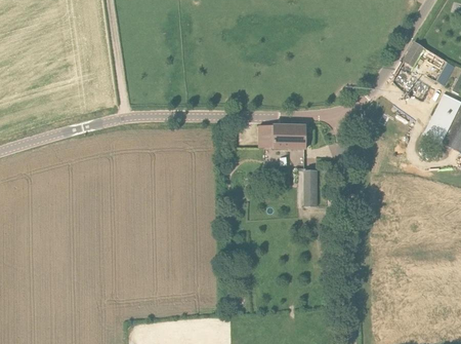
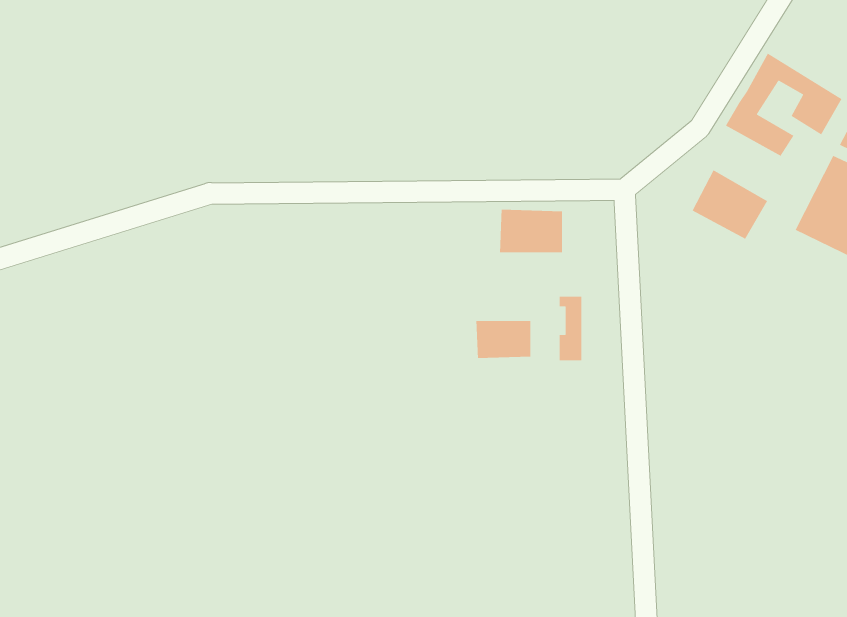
building: none -> [691,169,768,240]
building: none -> [475,320,531,359]

